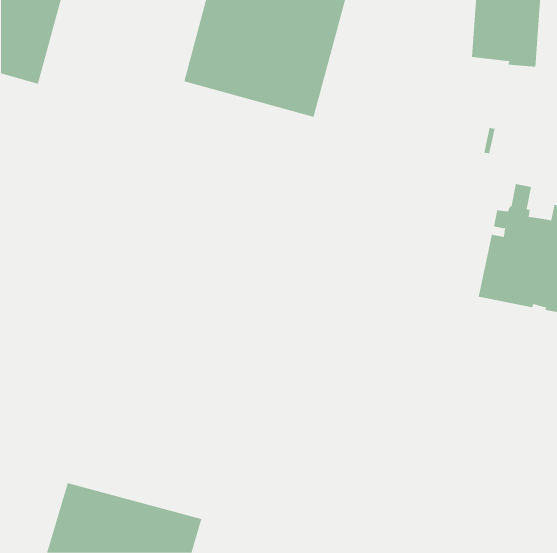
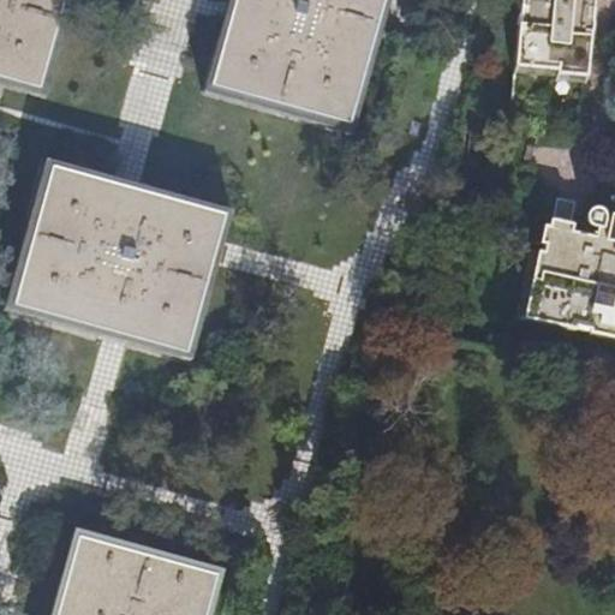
building: none -> [12,160,227,356]

